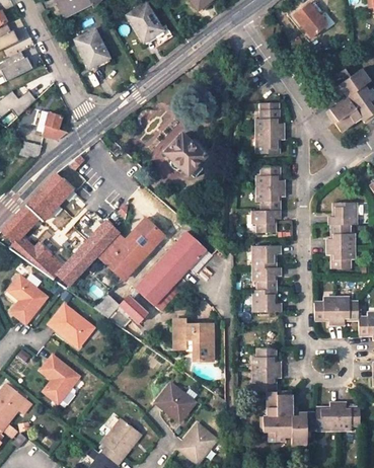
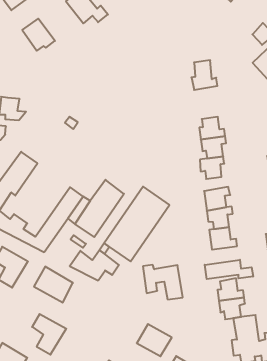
building: [256,131,284,152] -> none
building: [163,134,210,178] -> none
building: none -> [205,260,253,279]

